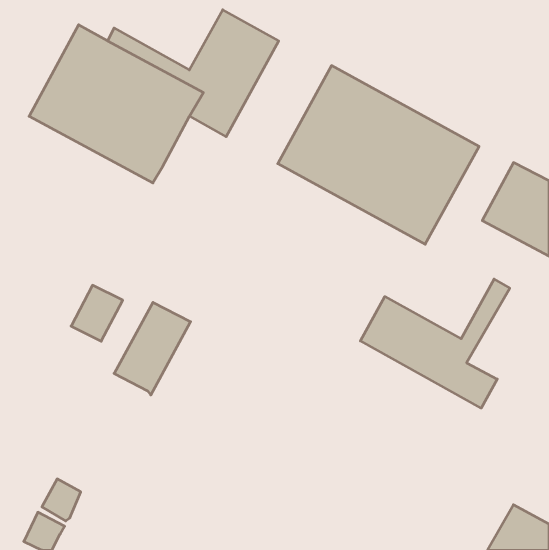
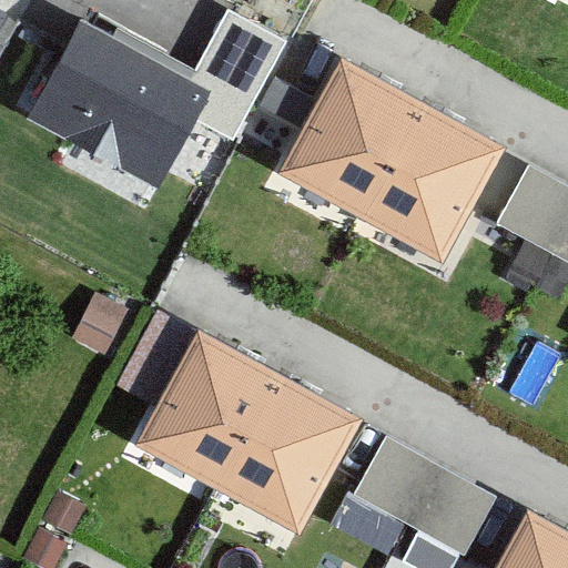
building: [360,279,510,408] -> none
building: none -> [141,338,352,526]
building: none -> [354,437,495,556]

